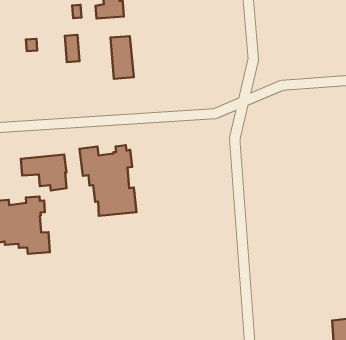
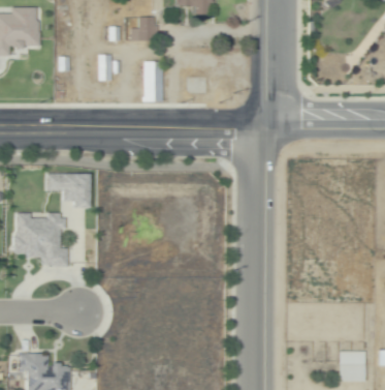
building: [80,145,137,216] -> none

